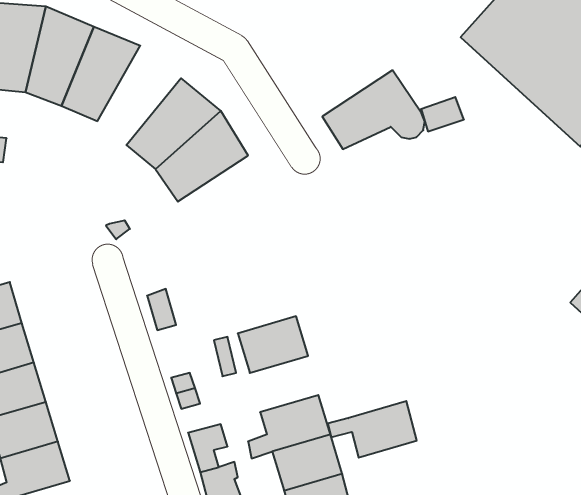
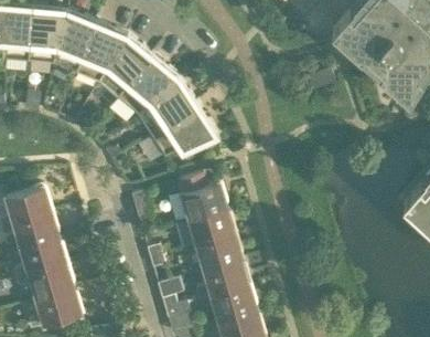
building: none -> [99,36,153,101]
building: [322,70,425,149] -> [151,107,217,158]
building: none -> [179,175,227,222]
building: [328,401,417,458] -> [184,236,241,273]

